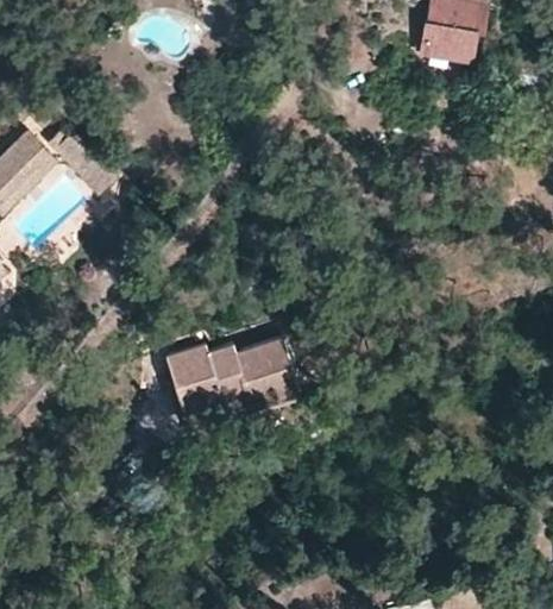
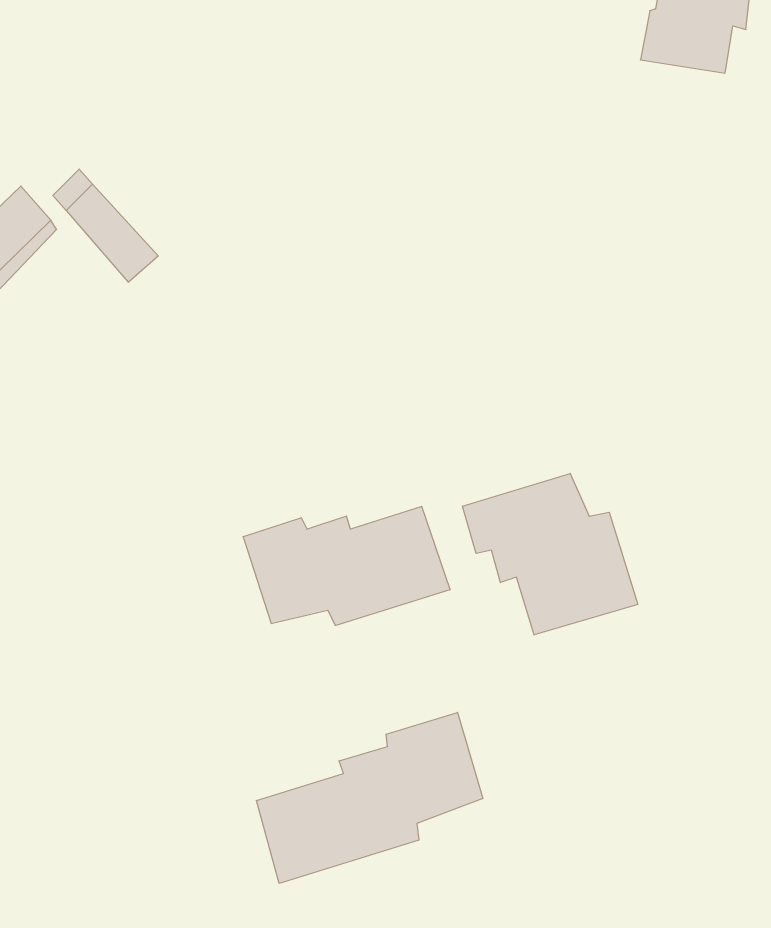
building: none -> [462,473,638,635]
building: none -> [256,712,483,883]

